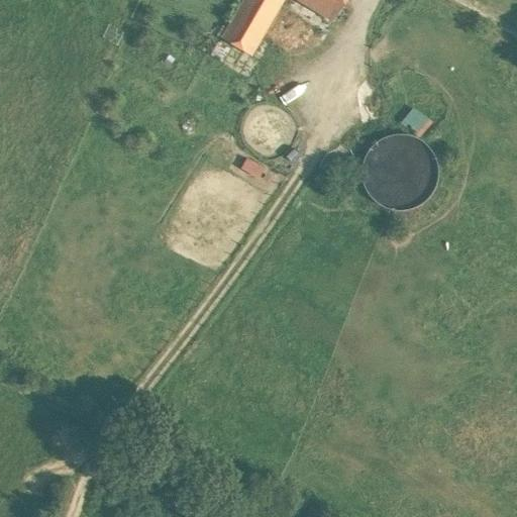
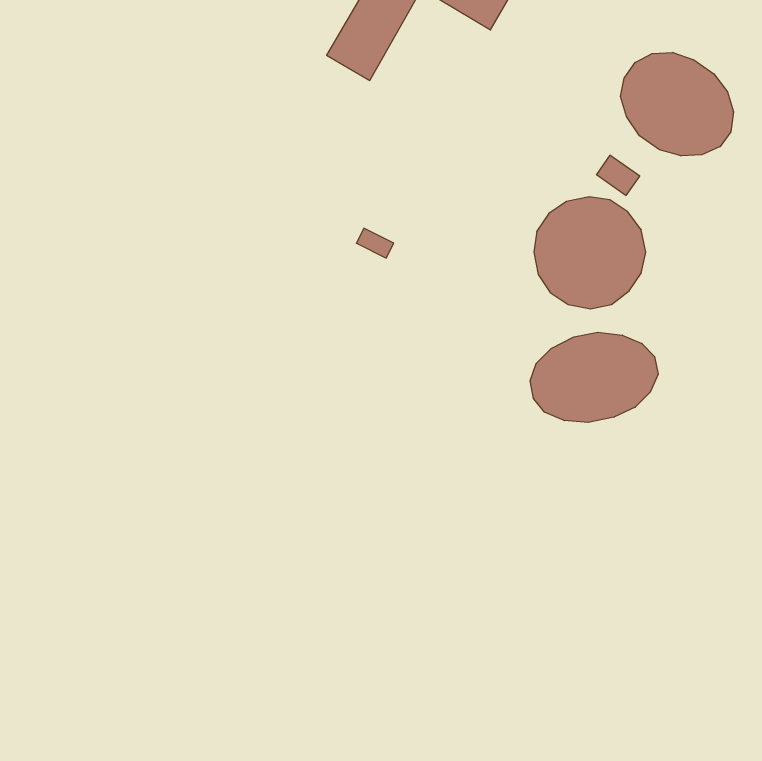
building: none -> [620,52,733,156]
building: none -> [530,332,658,422]

